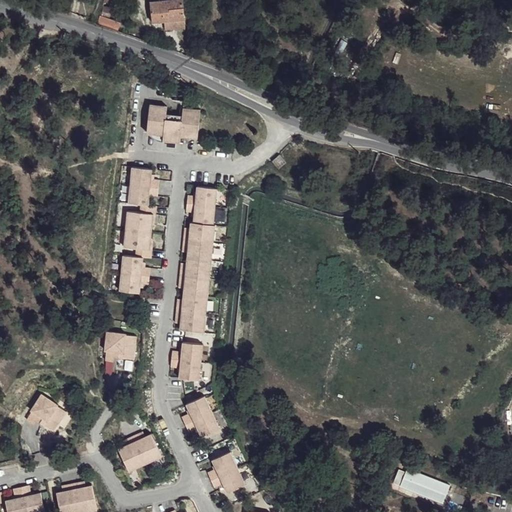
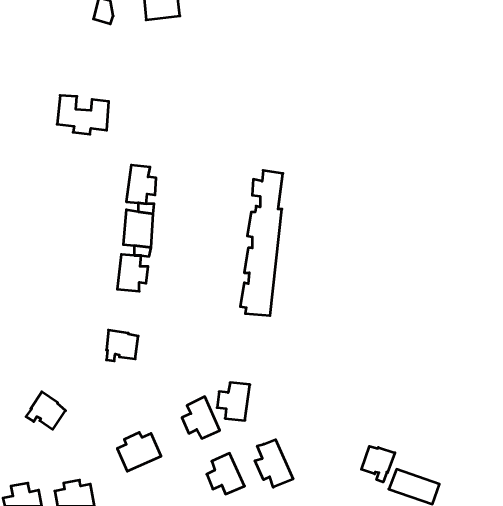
building: [145,103,197,142] -> [57,95,109,134]
building: [173,185,216,331] -> [240,170,283,316]
building: [173,345,206,383] -> [217,383,250,420]
building: none -> [255,440,293,487]
building: none -> [361,446,395,482]

